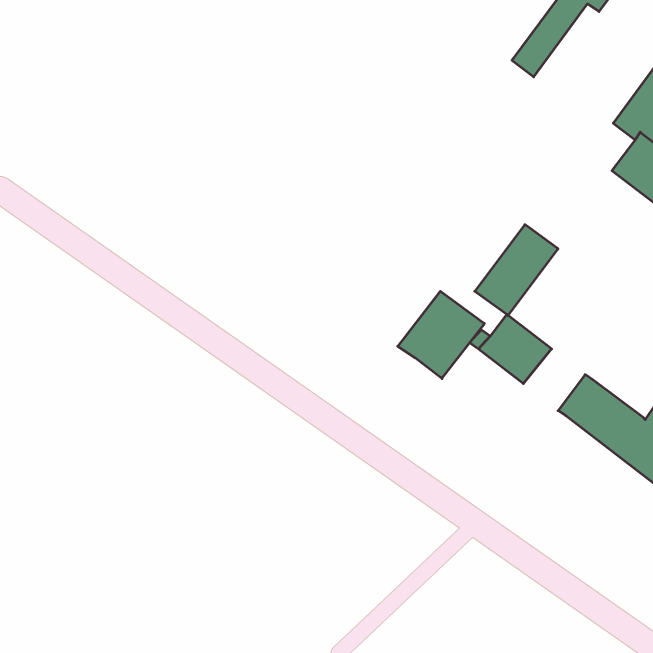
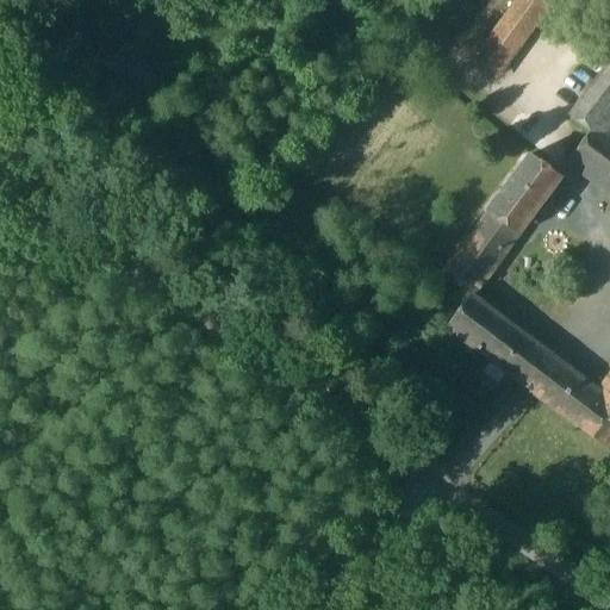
building: none -> [490,152,562,231]
building: [398,291,484,379] -> none
building: none -> [488,324,546,381]

